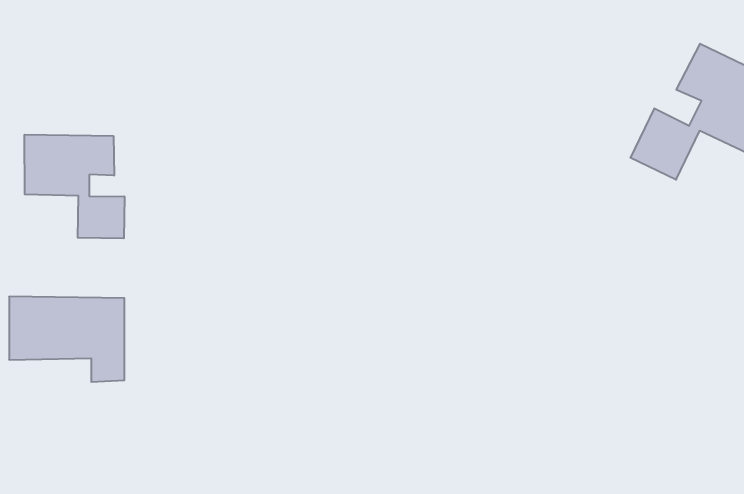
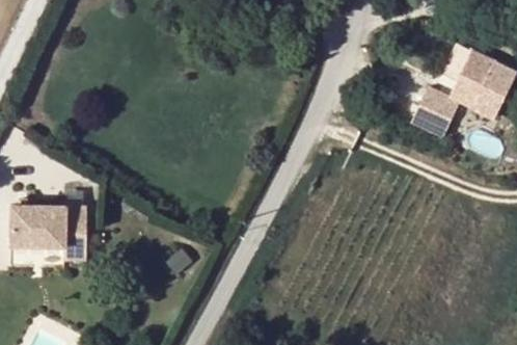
building: [25,135,124,238] -> none

